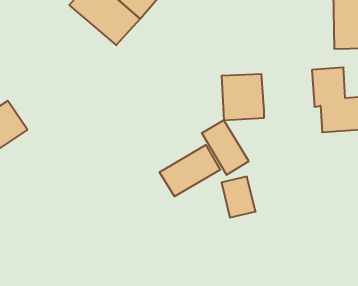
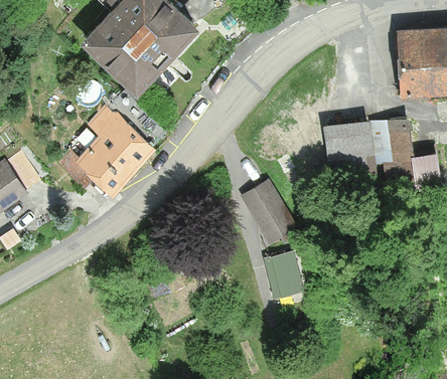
building: none -> [74,101,157,194]
building: [221,74,264,120] -> [324,121,375,175]
building: [160,145,220,196] -> none

